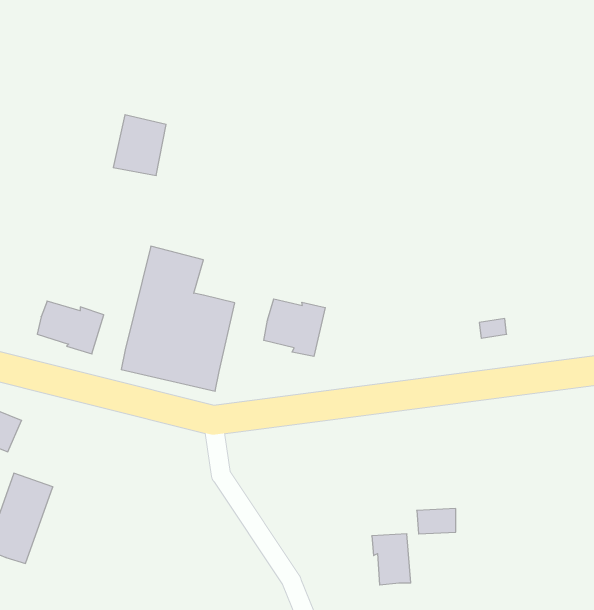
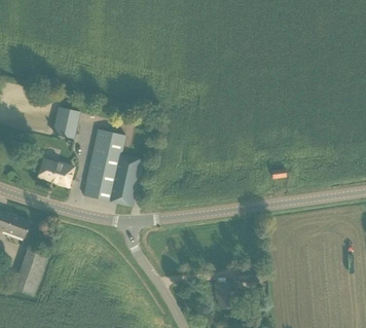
building: [113,115,166,175] -> [51,106,79,138]
building: [264,299,325,356] -> none

